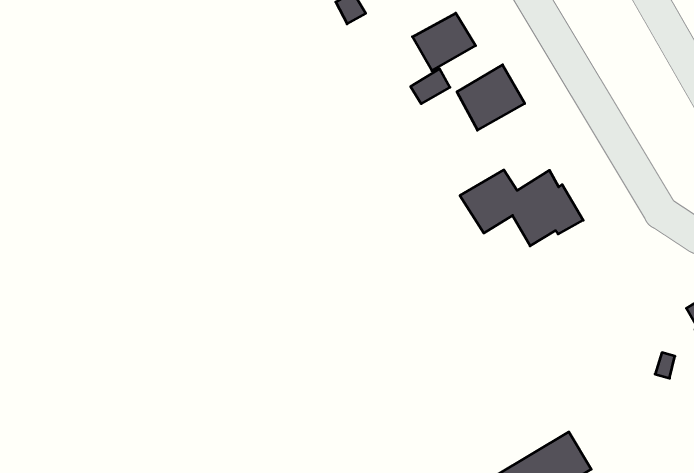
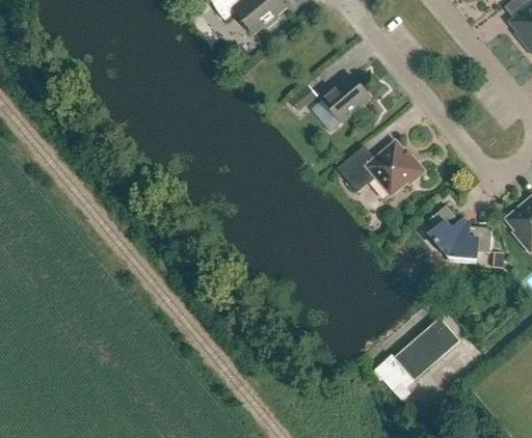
building: [412,13,476,71] -> none
building: none -> [428,204,493,259]

